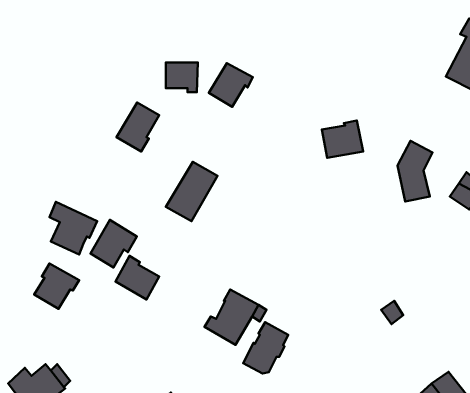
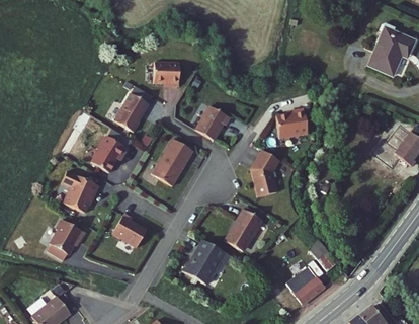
building: [209,63,253,107] -> [194,104,229,139]
building: [398,141,432,202] -> [252,148,279,195]
building: [90,220,137,268] -> [90,135,127,172]
building: [243,322,288,374] -> [225,207,260,247]
building: none -> [292,270,323,300]

